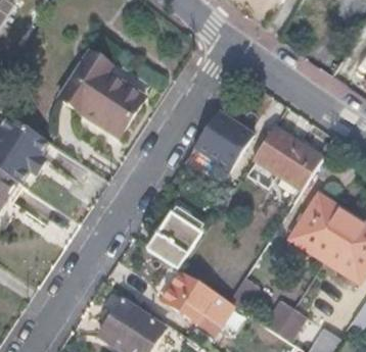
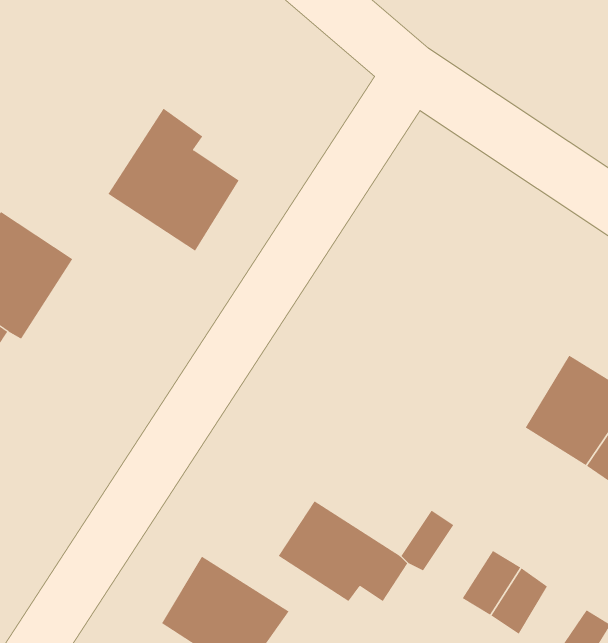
building: [191,108,253,167] -> none
building: [243,125,321,187] -> none
building: [148,207,209,268] -> none

